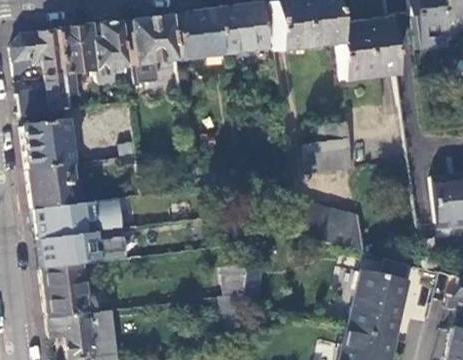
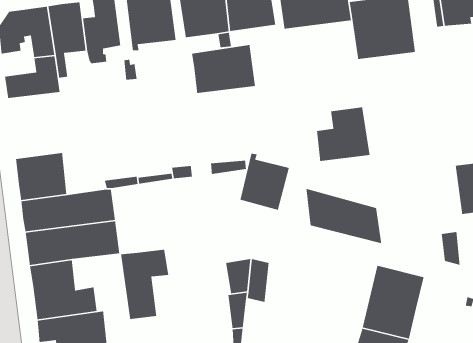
building: none -> [191,44,256,94]
building: [23,121,73,171] -> none
building: none -> [239,153,290,211]
building: none -> [120,249,169,320]

